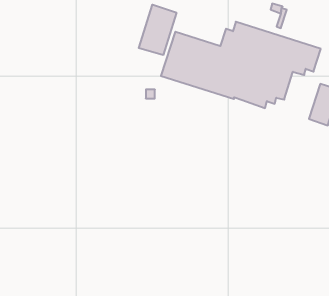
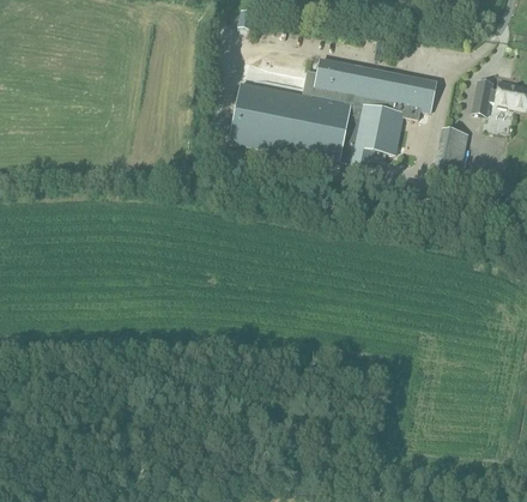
building: [139,5,176,55] -> none

